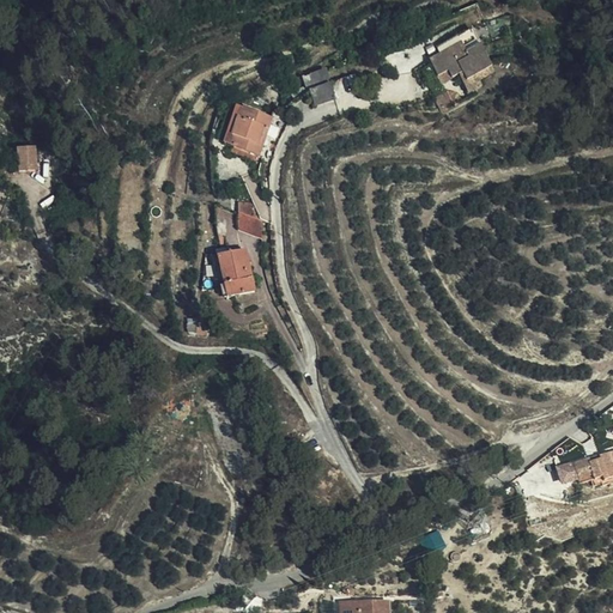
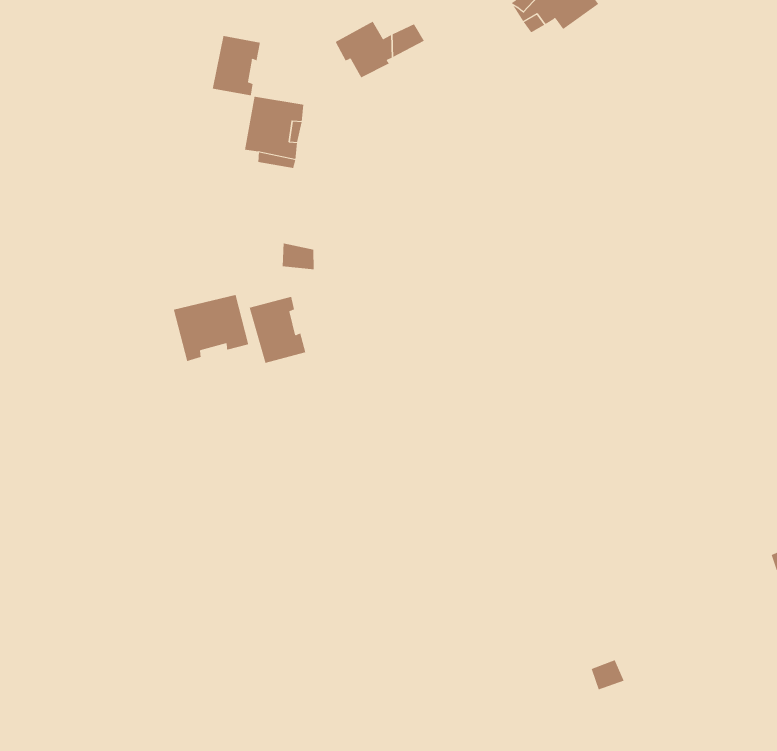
building: none -> [212,35,260,96]
building: none -> [173,294,249,362]

